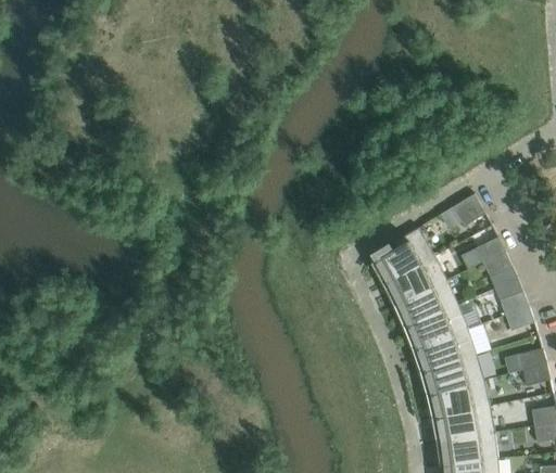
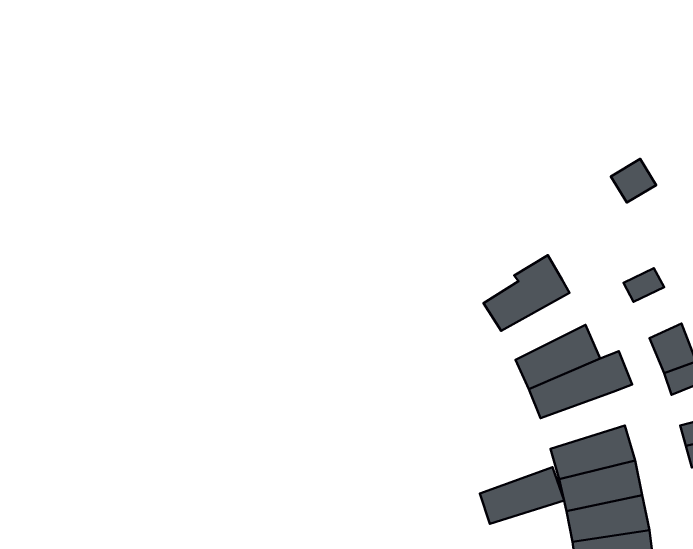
building: [453,194,486,227] -> [611,159,656,203]
building: [483,252,519,290] -> none
building: [384,256,447,306] -> none
building: [414,330,477,372] -> [480,467,564,524]

